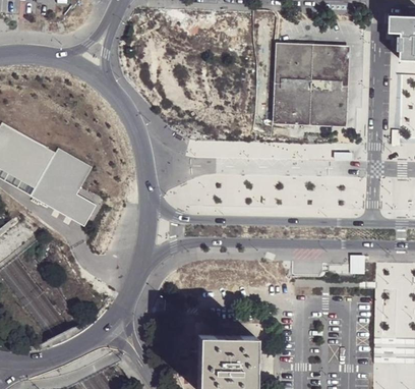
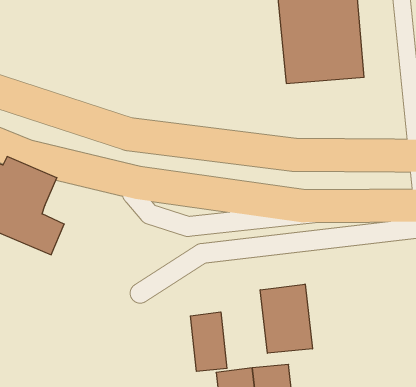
building: none -> [260,284,312,353]
building: none -> [190,312,227,371]

